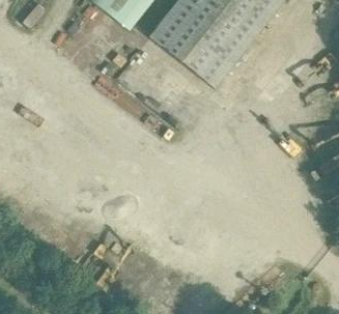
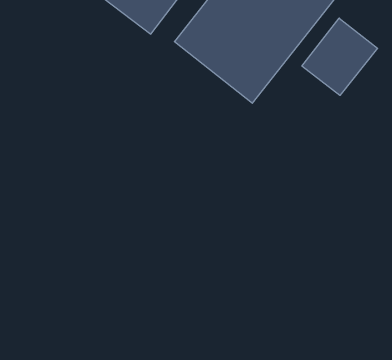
building: none -> [302,18,378,95]

